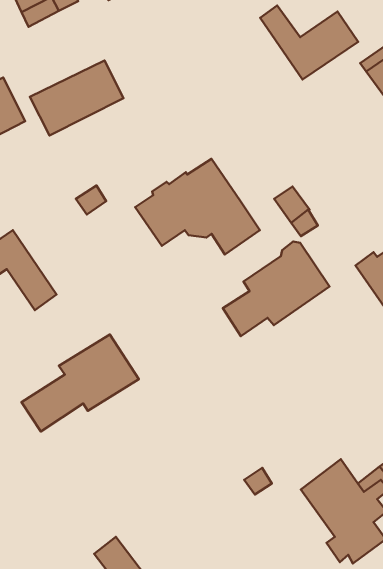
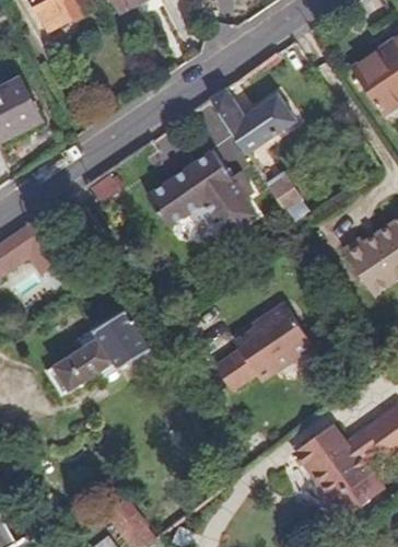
building: [260,6,358,79] -> [209,88,297,154]
building: [30,60,124,135] -> none
building: [223,242,329,336] -> [215,306,312,392]

